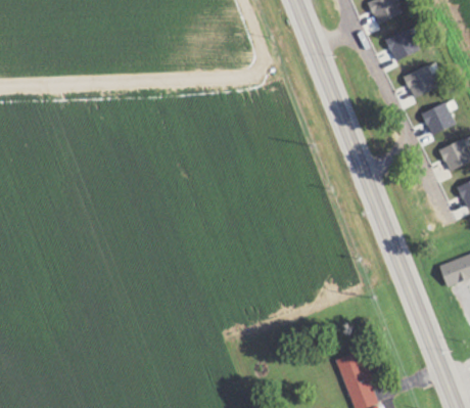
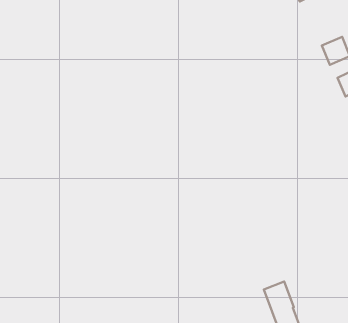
building: [386,29,420,61] -> none

